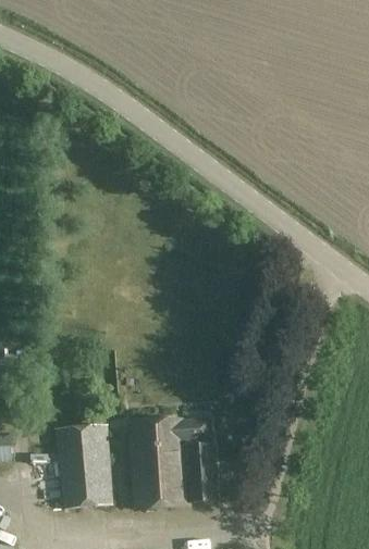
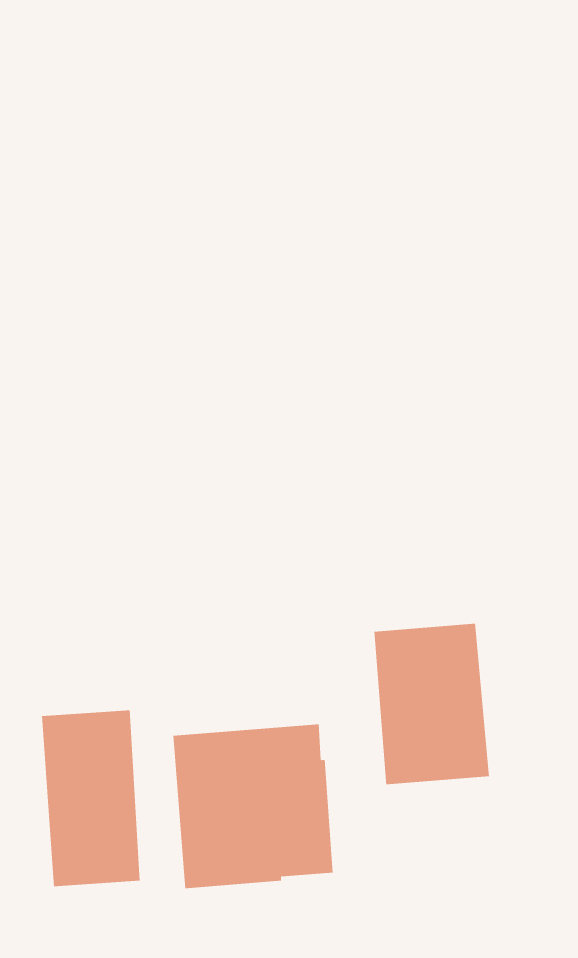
building: none -> [374,623,490,785]

